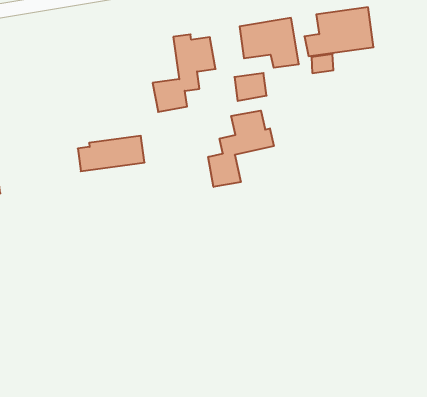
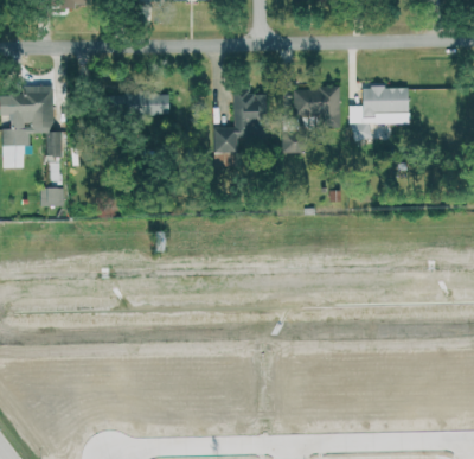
building: [208,111,274,187] -> none
building: [78,136,145,171] -> [111,91,168,115]

